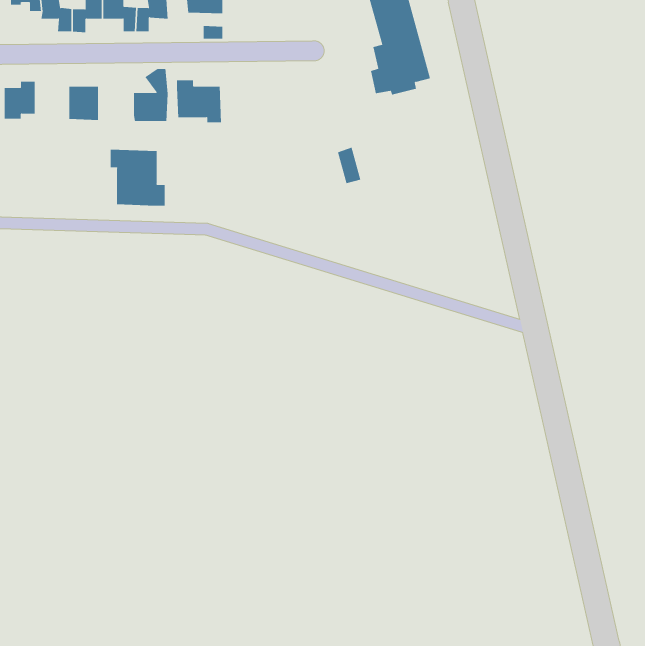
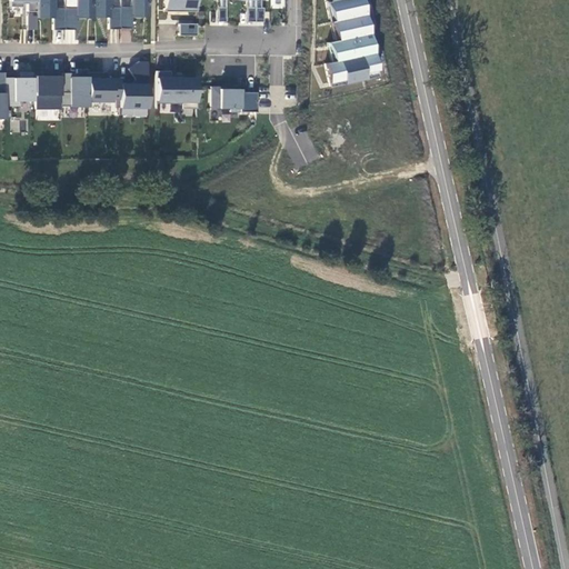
building: none -> [33,76,62,108]
building: none -> [89,78,119,101]
building: none -> [212,87,258,112]
building: [110,149,165,207] -> none

